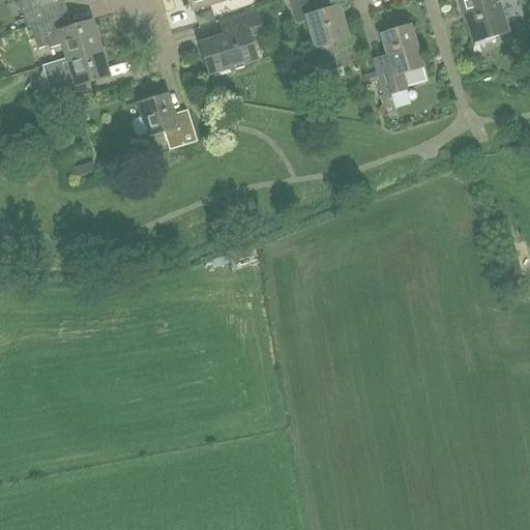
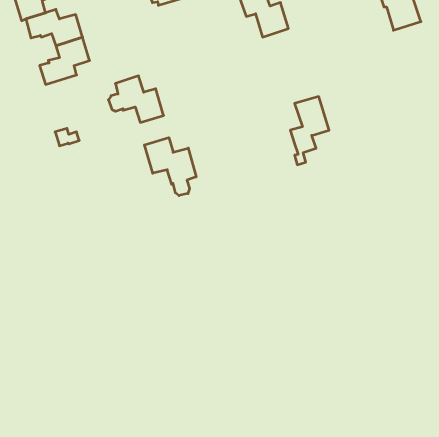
building: [201,11,262,69] -> none
building: [375,23,421,105] -> [290,97,329,165]
building: none -> [144,138,196,196]

